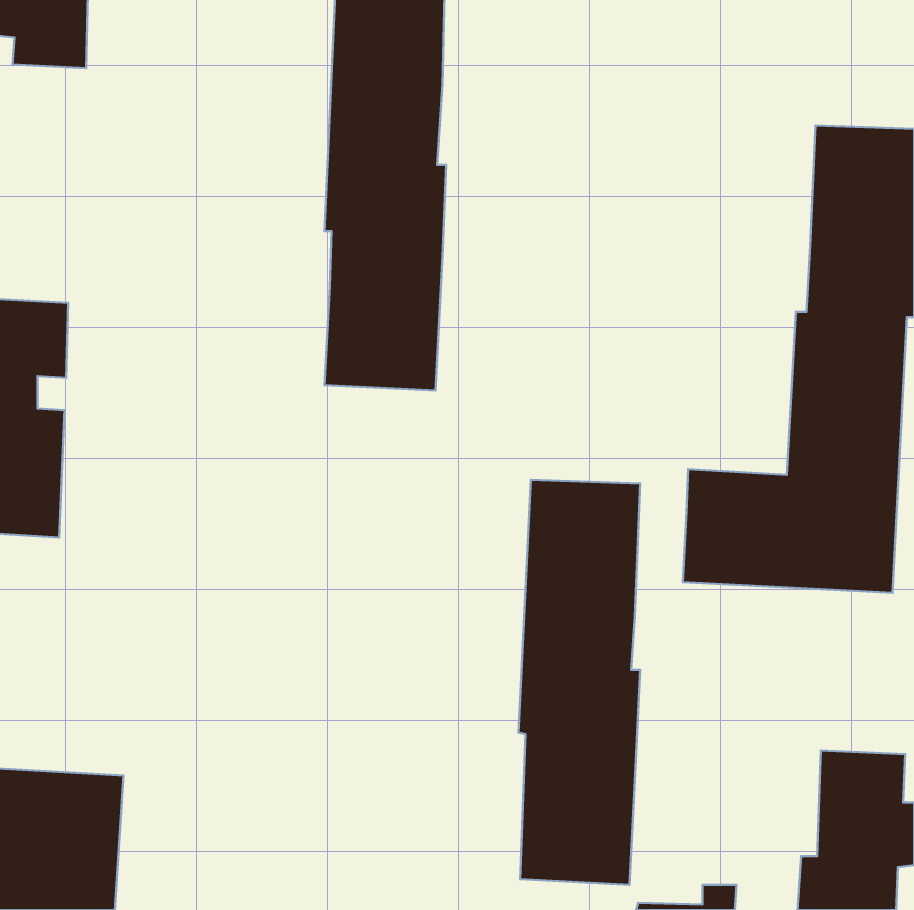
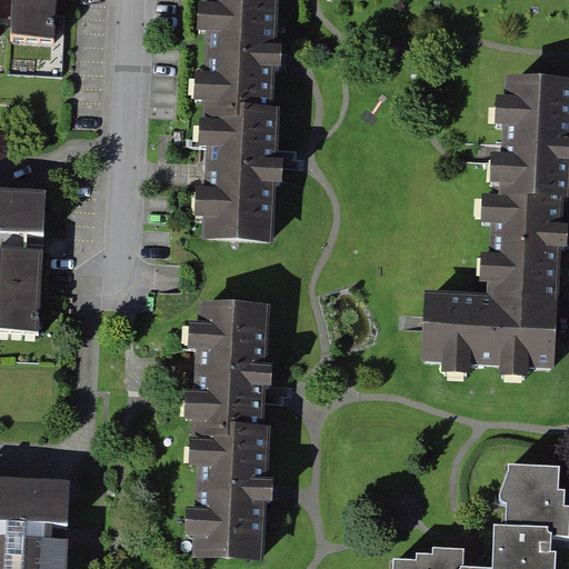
building: [518,480,640,885] -> [191,307,267,558]

